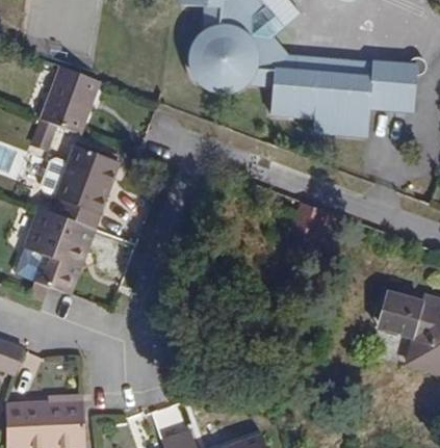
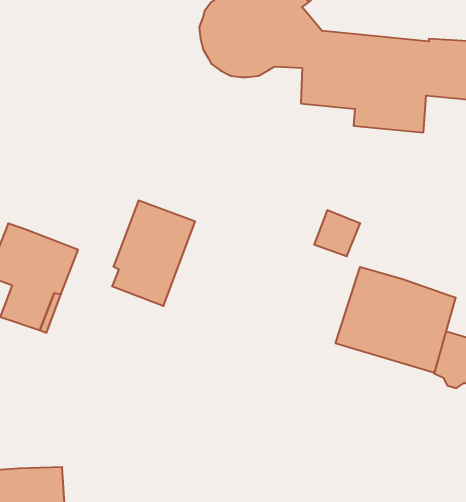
building: [40,64,101,134] -> none
building: [54,146,120,229] -> [112,201,195,306]
building: none -> [336,267,456,373]

